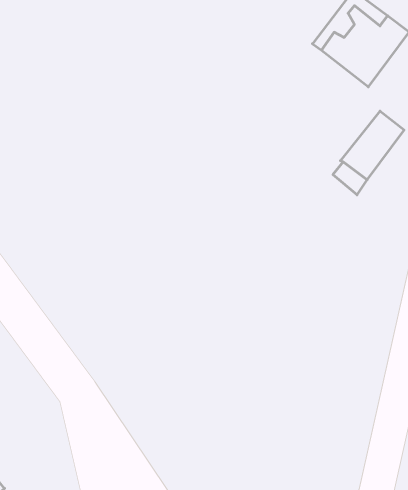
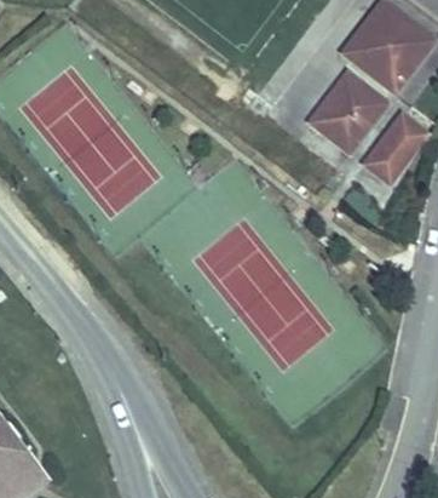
building: none -> [312,73,385,147]

